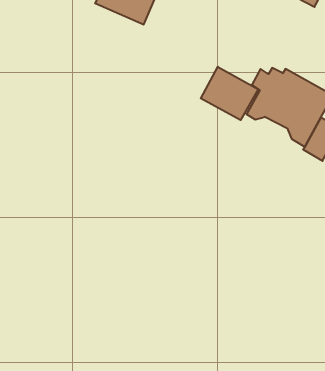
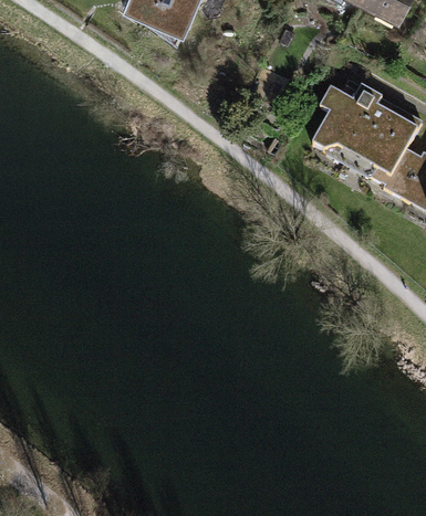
building: [201,67,258,120] -> none

